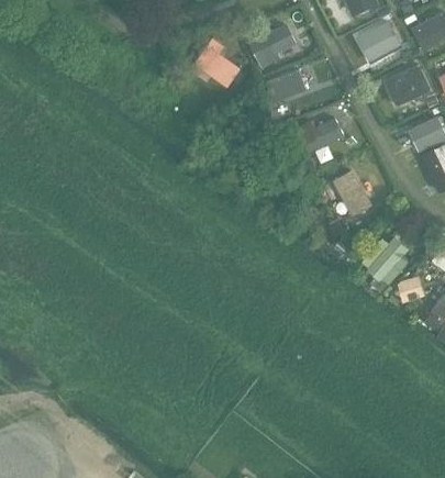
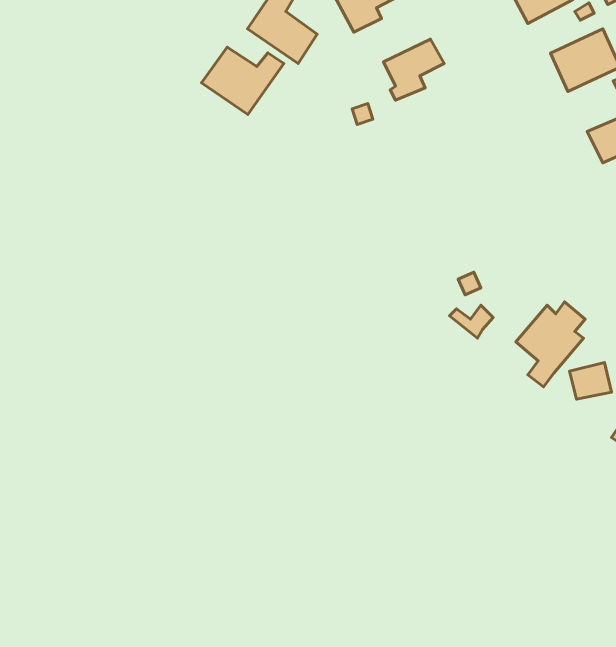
building: none -> [202,47,284,115]
building: [290,118,343,154] -> none
building: [333,171,369,215] -> none

